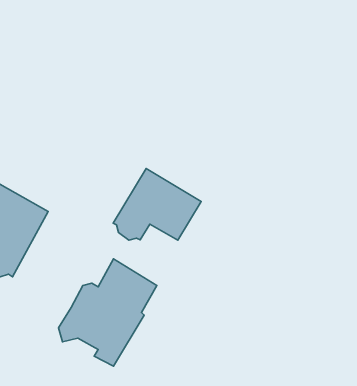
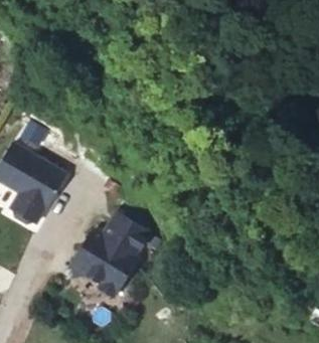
building: [113,169,201,240] -> none

